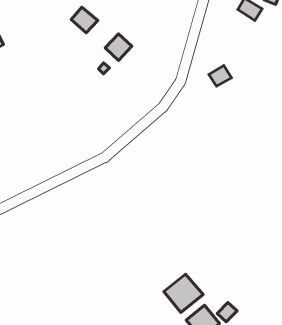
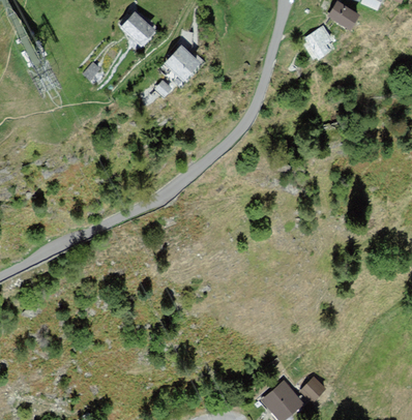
building: [209,65,231,86] -> [302,33,330,59]
building: [164,274,203,313] -> none

